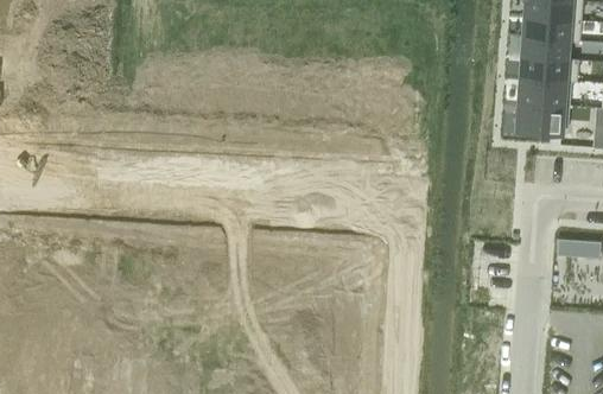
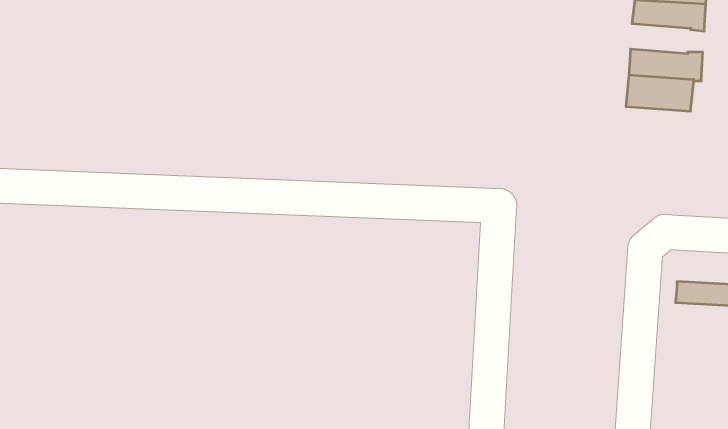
building: [519,36,566,59] -> none
building: [514,101,566,134] -> none

